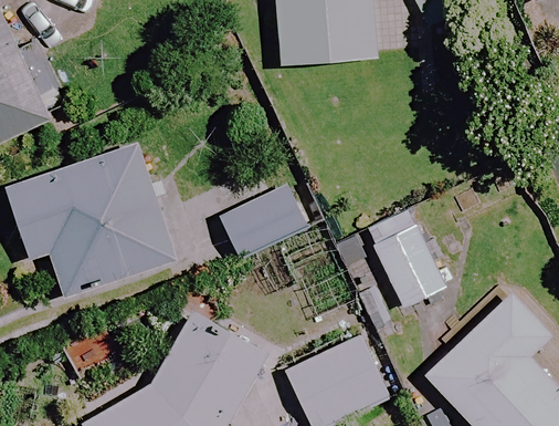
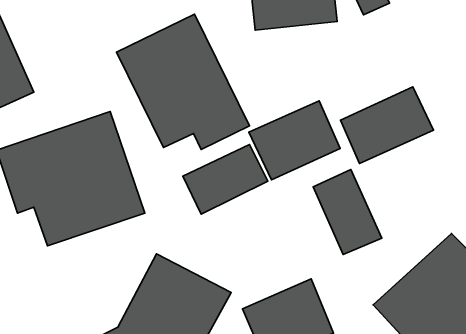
building: none -> [116,14,249,150]
building: none -> [341,87,433,163]
building: none -> [249,101,340,180]

